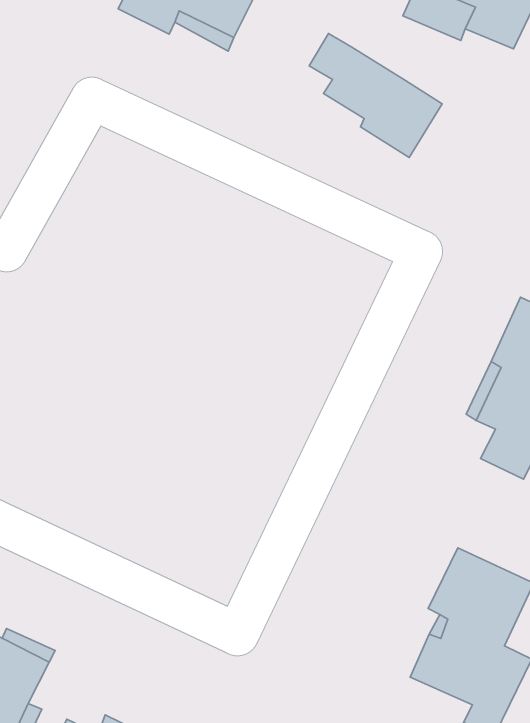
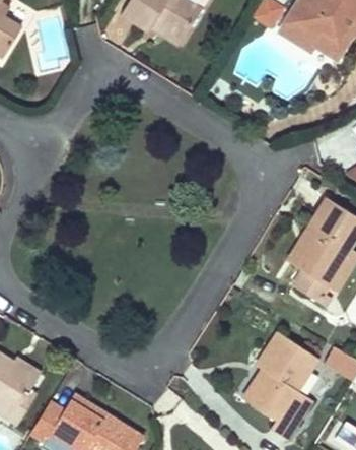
building: [309,34,442,158] -> none

